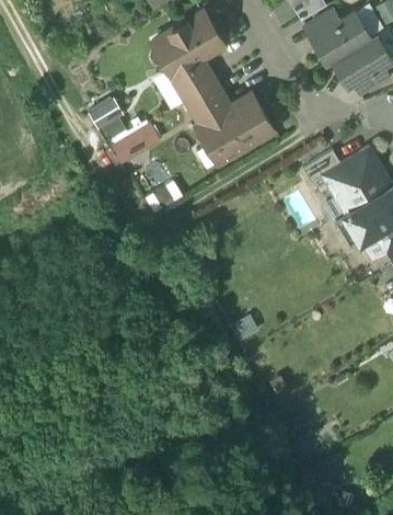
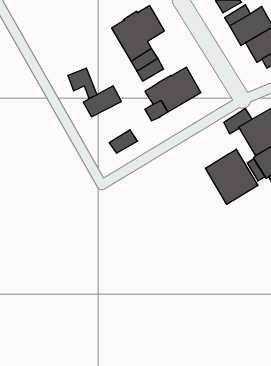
building: none -> [205,149,258,204]

